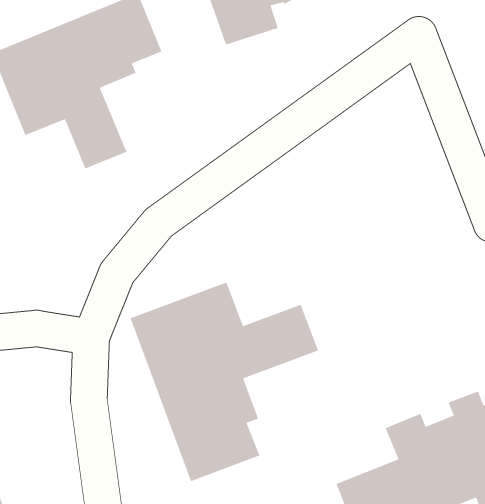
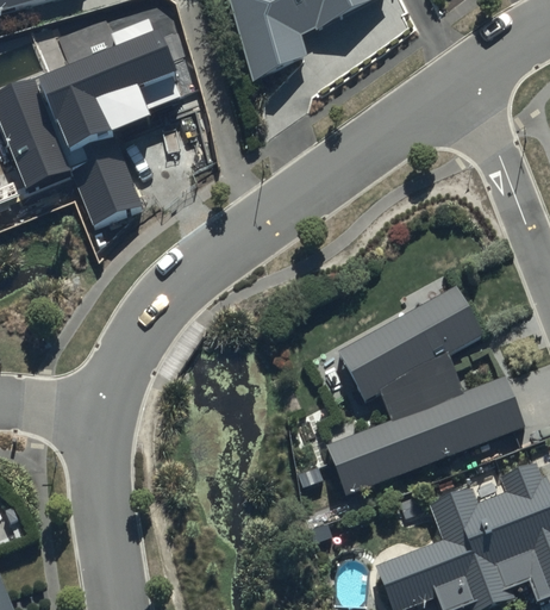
building: none -> [326,280,529,493]
building: [130,281,319,482] -> none

